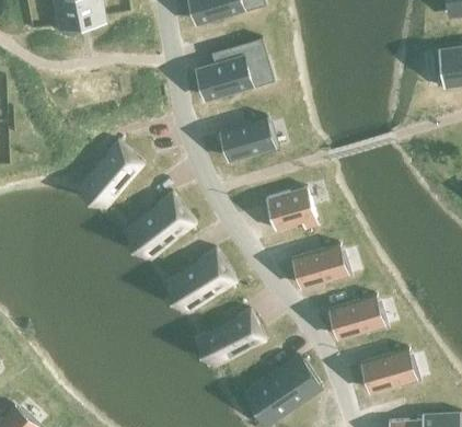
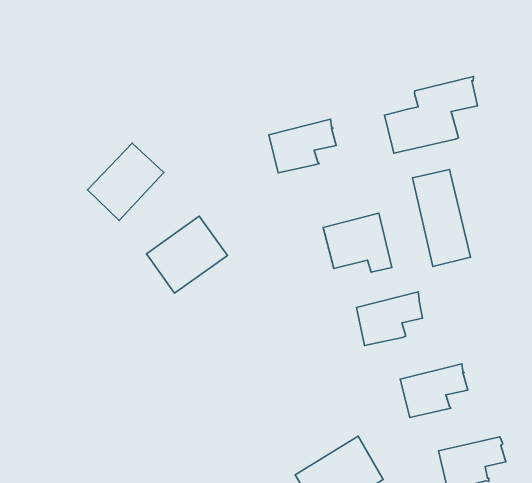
building: [196,38,266,100] -> [384,77,478,153]
building: none -> [412,169,470,267]
building: [173,252,235,310] -> none
building: [206,313,265,365] -> none

